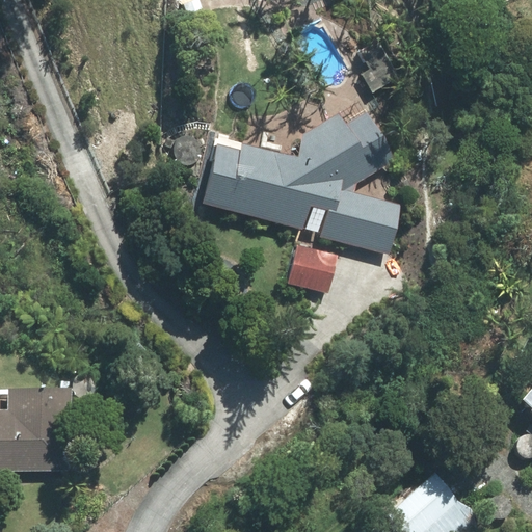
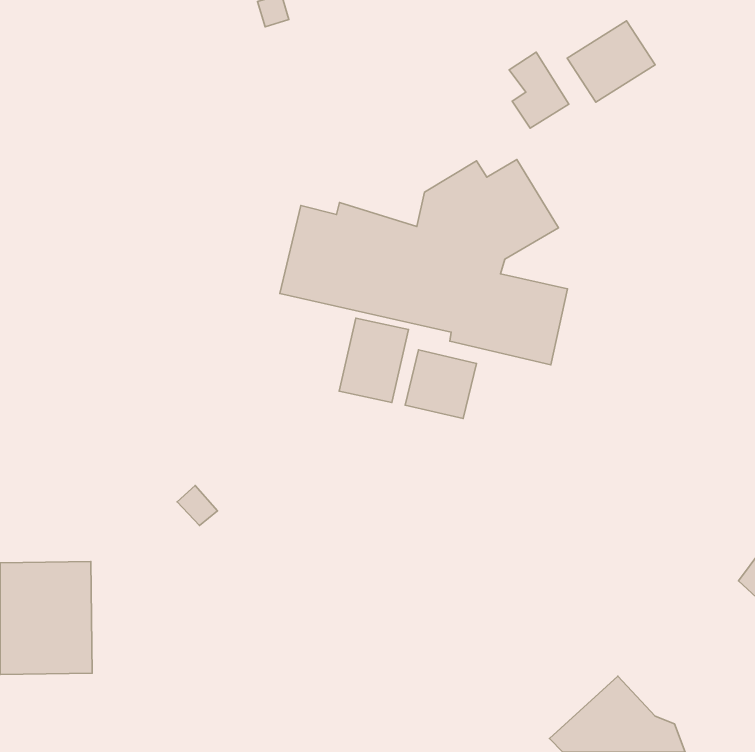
building: none -> [567,21,655,102]
building: none -> [339,318,409,402]

